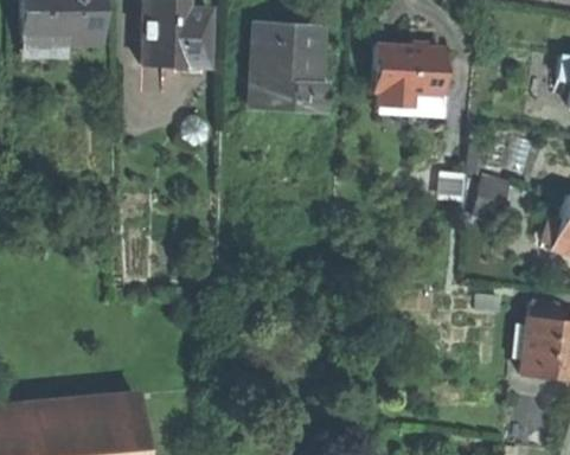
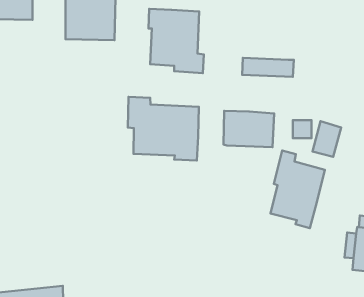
building: [373,44,441,92] -> [223,111,274,147]
building: none -> [128,97,199,160]
building: none -> [271,151,325,228]

